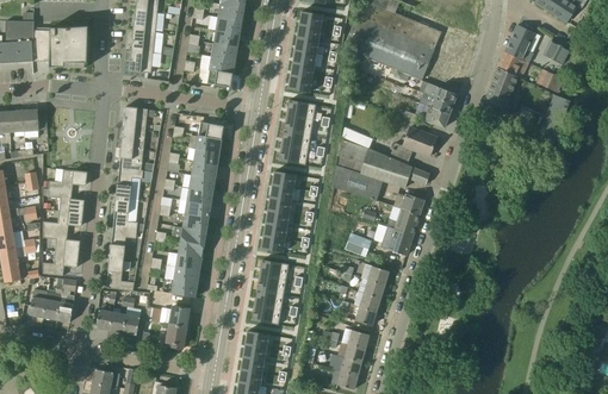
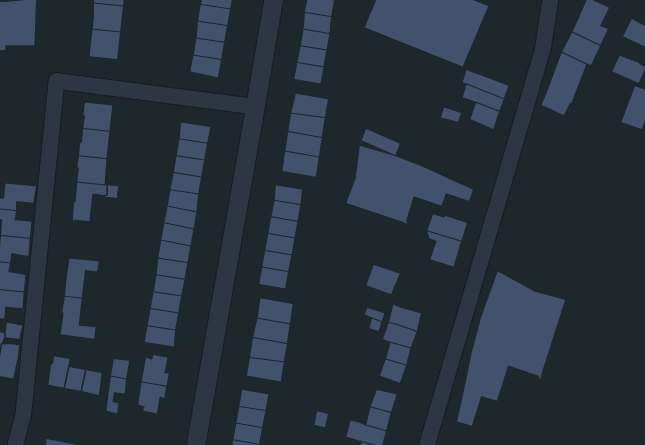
building: [390,127,436,165] -> none
building: [113,199,138,231] -> none
building: [368,227,414,261] -> none
building: none -> [456,271,566,426]

